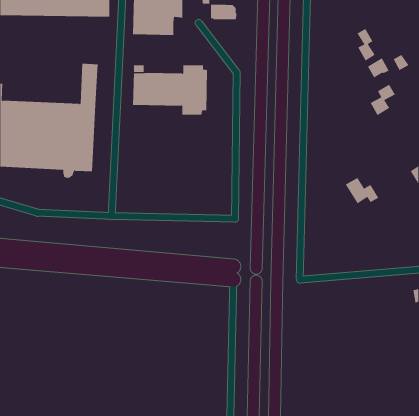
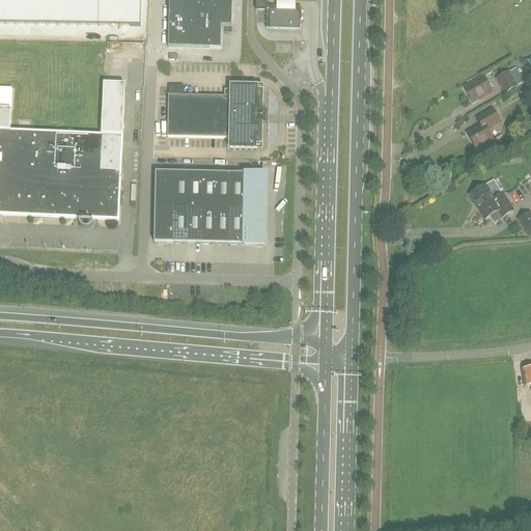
building: [357,28,375,62] -> none
building: none -> [153,168,266,241]
building: [345,177,379,204] -> [469,181,512,216]

